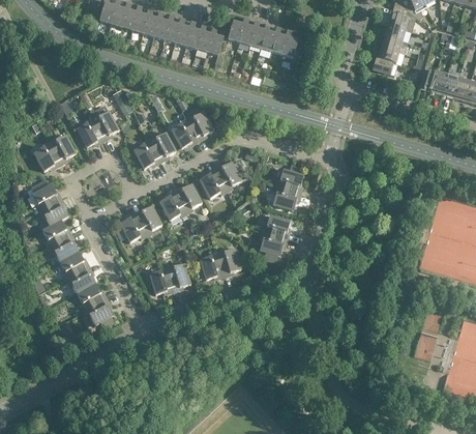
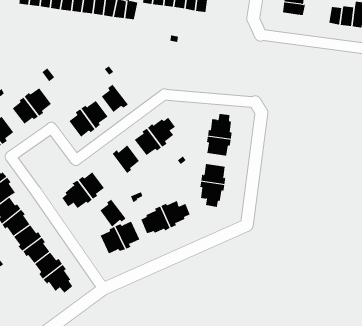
building: [185,112,218,142] -> none
building: [159,191,186,221] -> [99,199,126,228]

